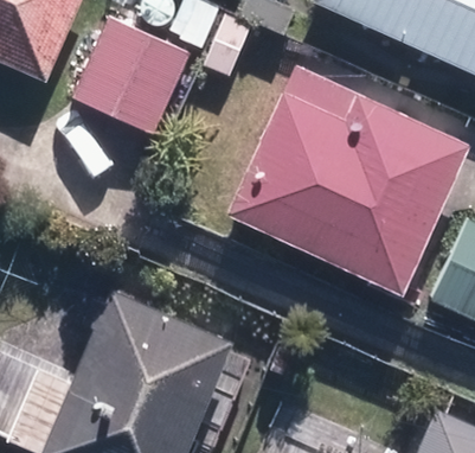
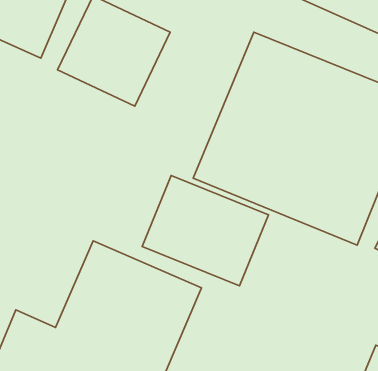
building: none -> [142,176,268,286]

